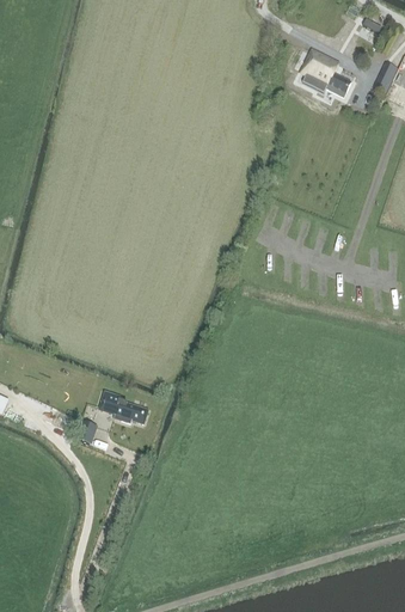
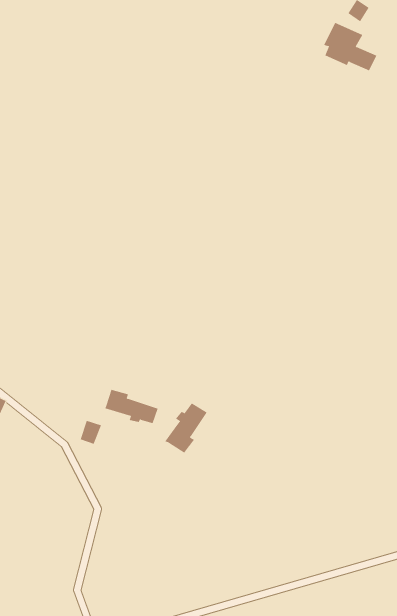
building: none -> [165,403,208,453]

